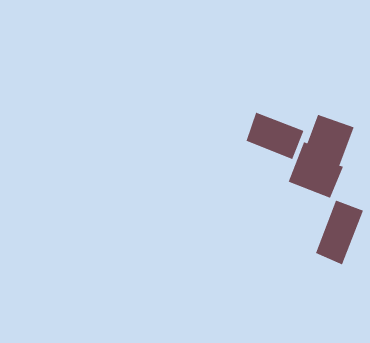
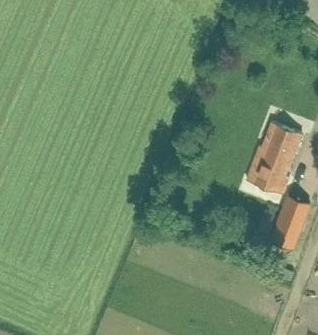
building: [246,112,304,160] -> none

